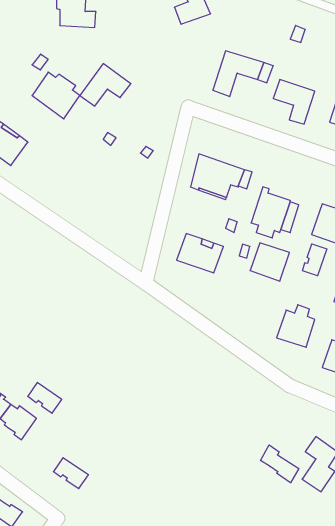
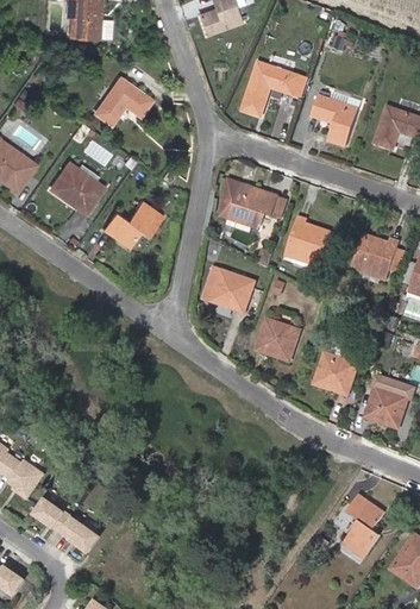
building: [32,72,80,119] -> [49,162,102,214]
building: none -> [104,202,159,246]
building: [250,243,289,281] -> [255,319,299,362]
building: [302,244,327,276] -> none
building: [28,382,62,413] -> [36,500,74,534]
building: [261,445,299,483] -> none

